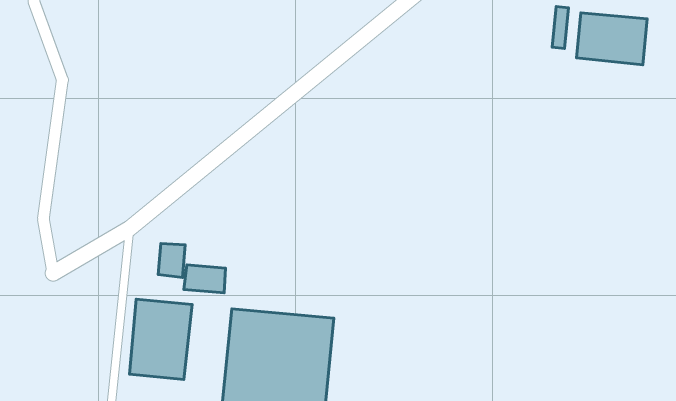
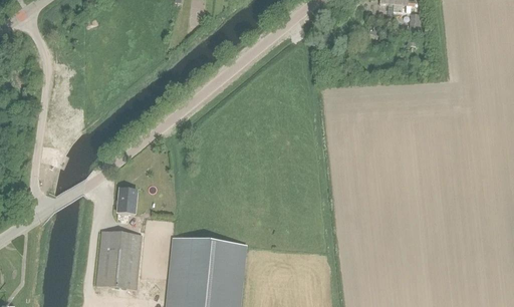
building: [577,13,647,65] -> none
building: [184,265,225,293] -> none

